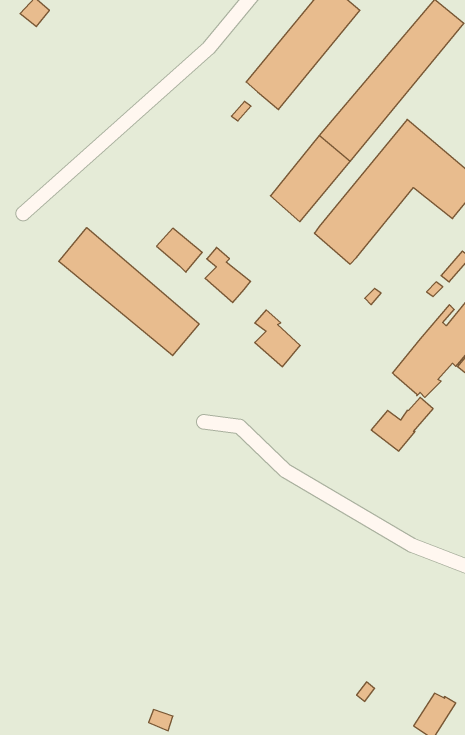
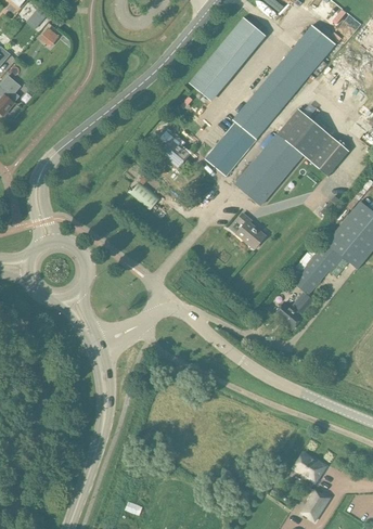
building: [59,228,199,356] -> none
building: [205,247,251,303] -> [159,130,190,167]
building: [255,310,300,367] -> [235,211,266,249]
building: none -> [294,452,326,482]

